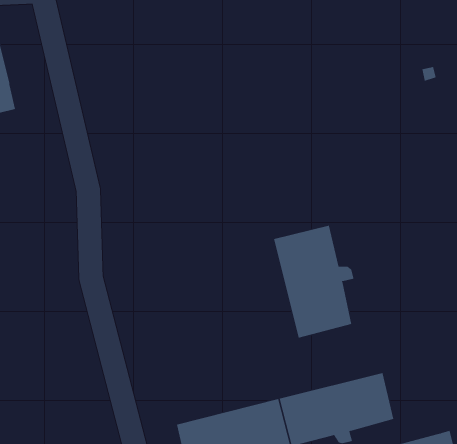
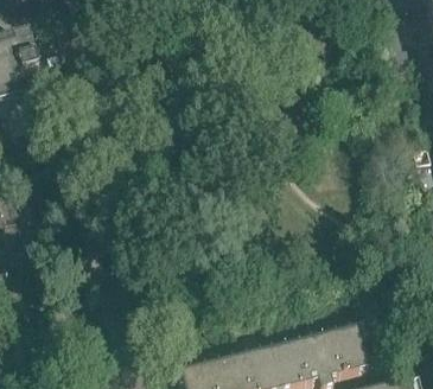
building: [274,225,354,339] -> none

